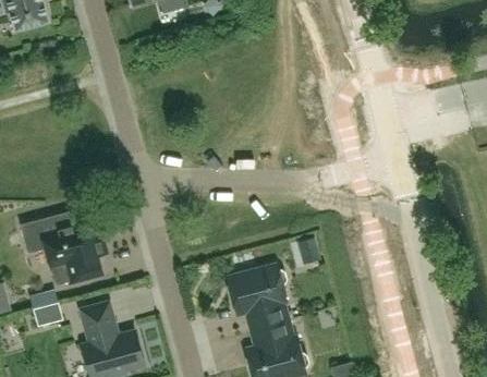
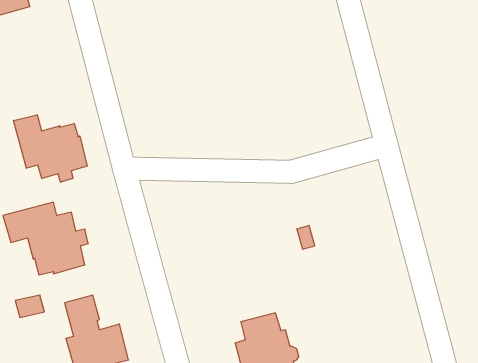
building: none -> [14,115,87,182]
building: [228,264,287,328] -> none

